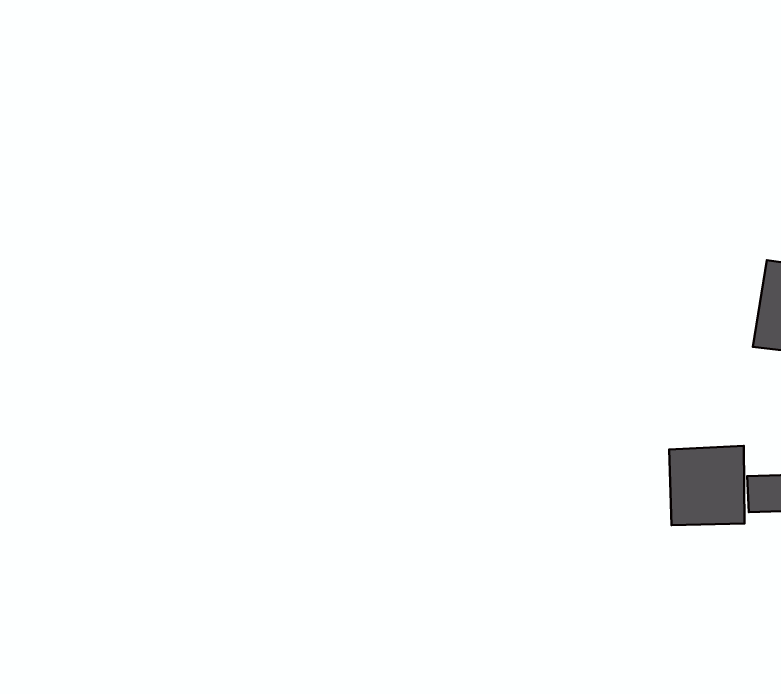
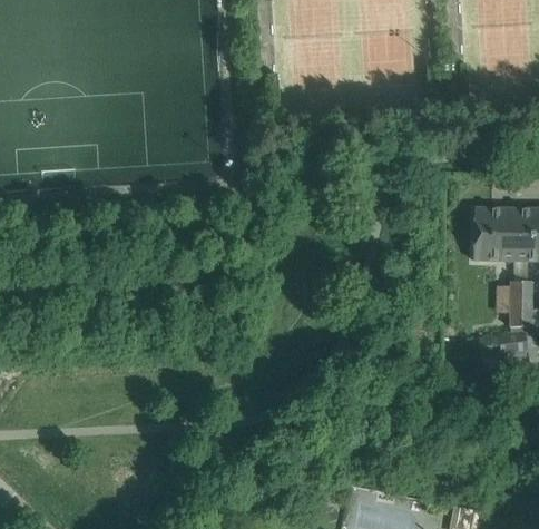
building: [669,446,745,525] -> none

